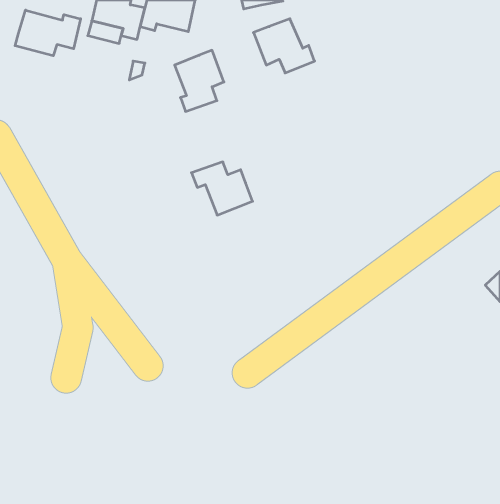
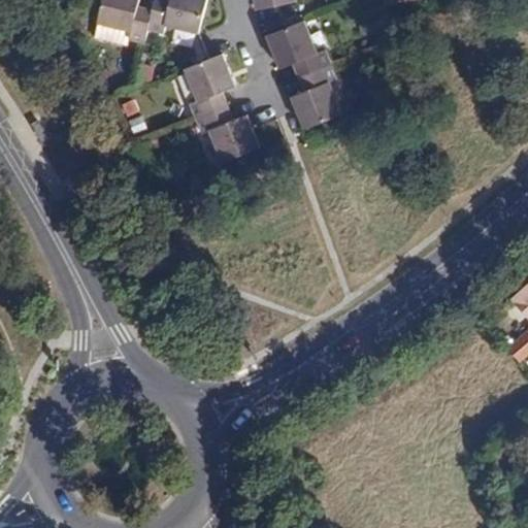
building: [15,10,81,56] -> none
building: none -> [290,64,340,128]
building: [191,162,253,215] -> [194,105,258,161]

